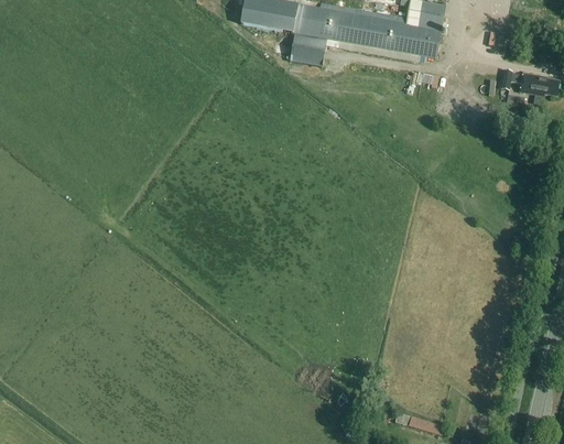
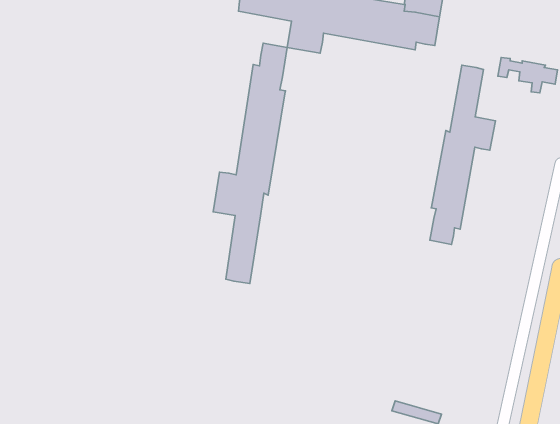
building: none -> [213,43,287,283]
building: none -> [430,65,495,245]

